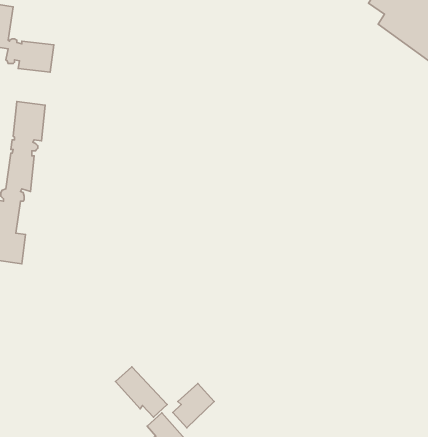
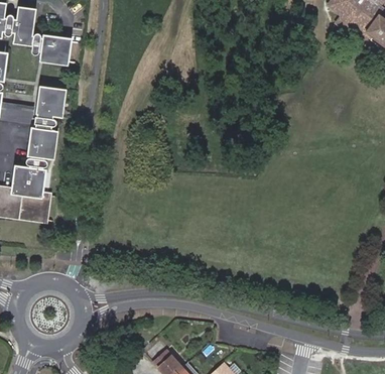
building: [116,367,167,417] -> none
building: [173,383,214,428] -> none

